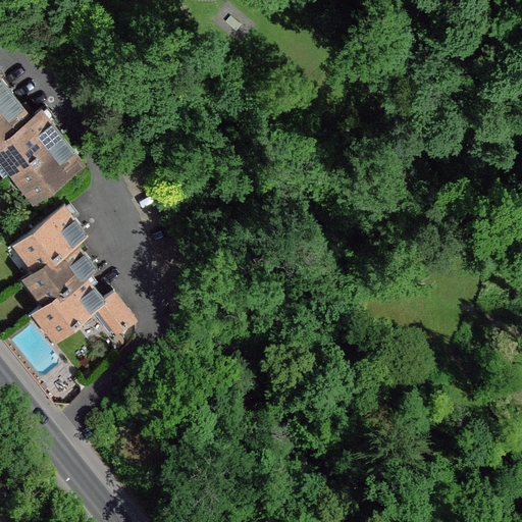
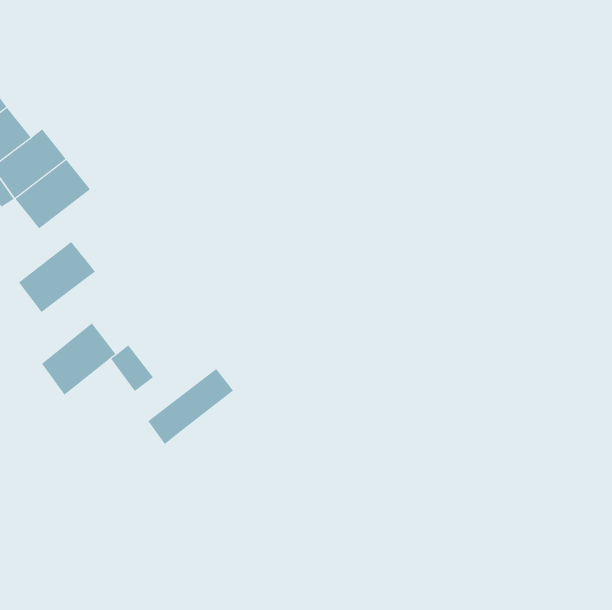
building: [24,245,90,306] -> none
building: none -> [148,368,234,445]

